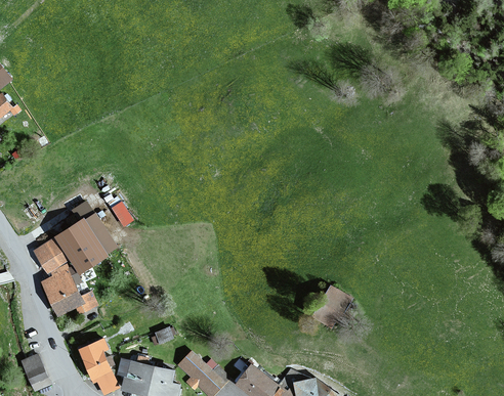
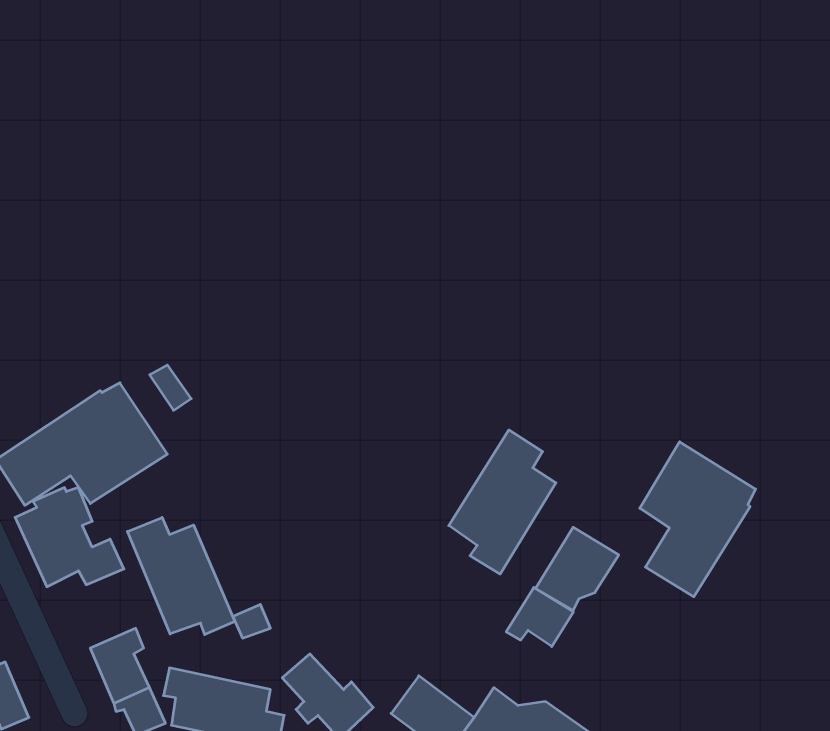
building: none -> [449,430,556,574]
building: none -> [640,442,756,597]
building: none -> [127,517,235,635]
building: none -> [506,587,573,647]

